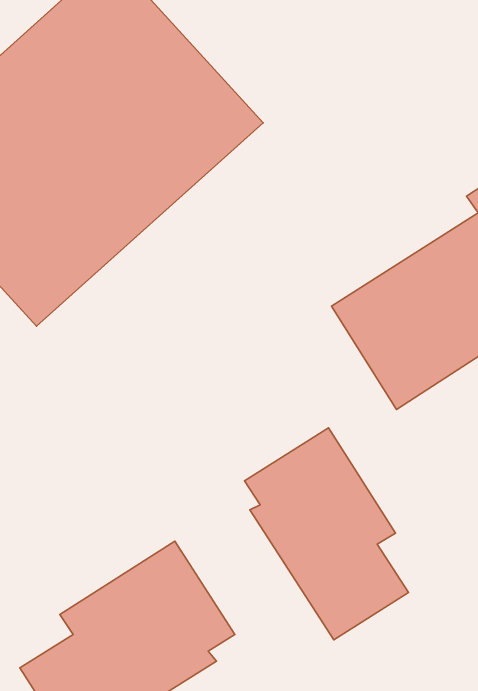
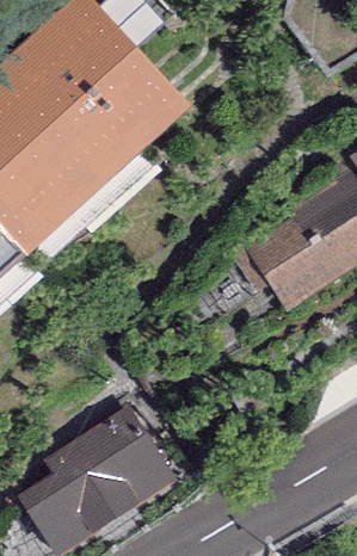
building: [245,428,409,640] -> none

